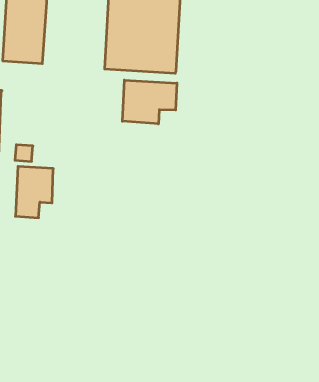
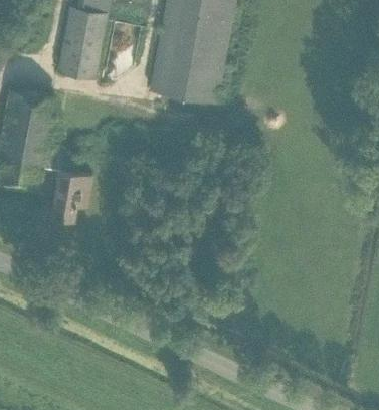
building: [122,80,177,124] -> none

